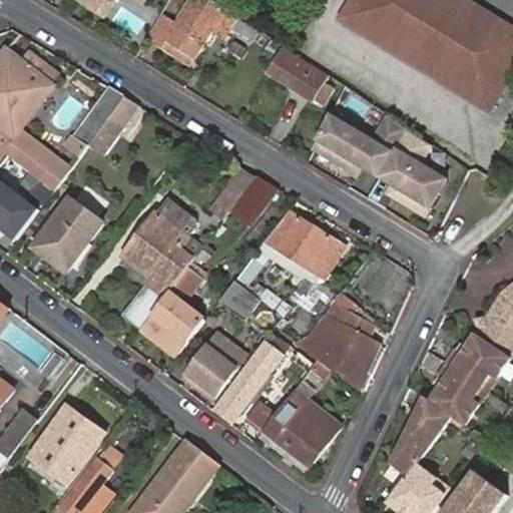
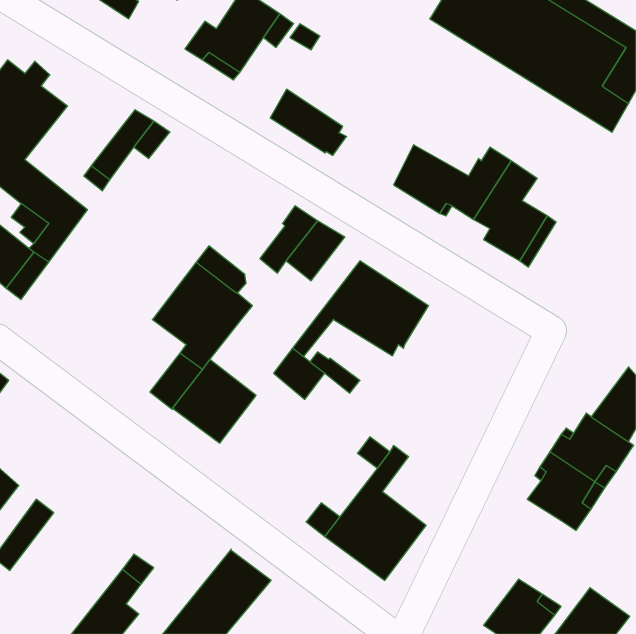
building: [270,48,331,101] -> [270,89,347,155]
building: [33,198,101,271] -> none
building: [298,300,367,390] -> none
building: [183,333,244,398] -> none
building: [210,335,286,424] -> none
building: [389,398,450,477] -> none
building: [32,407,104,482] -> none

